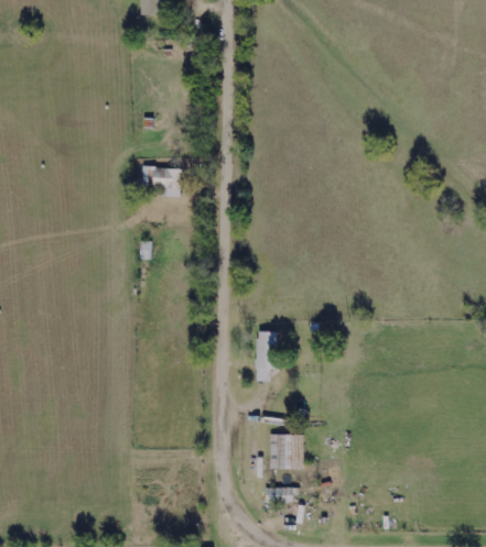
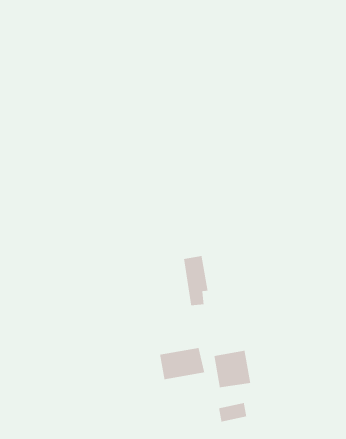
building: [142,166,182,197] -> none
building: none -> [159,347,205,380]

